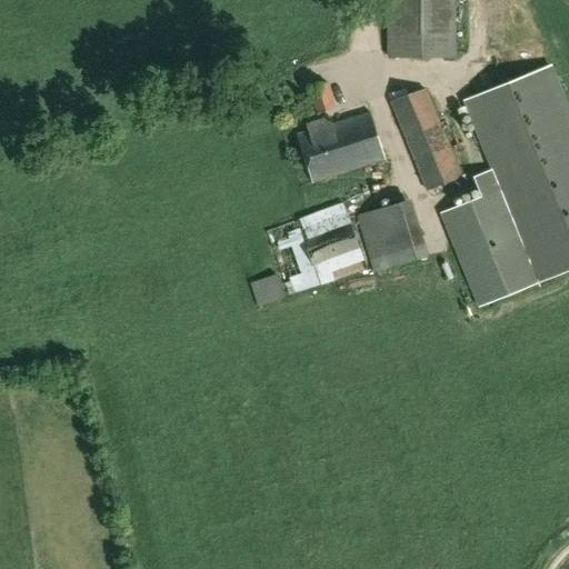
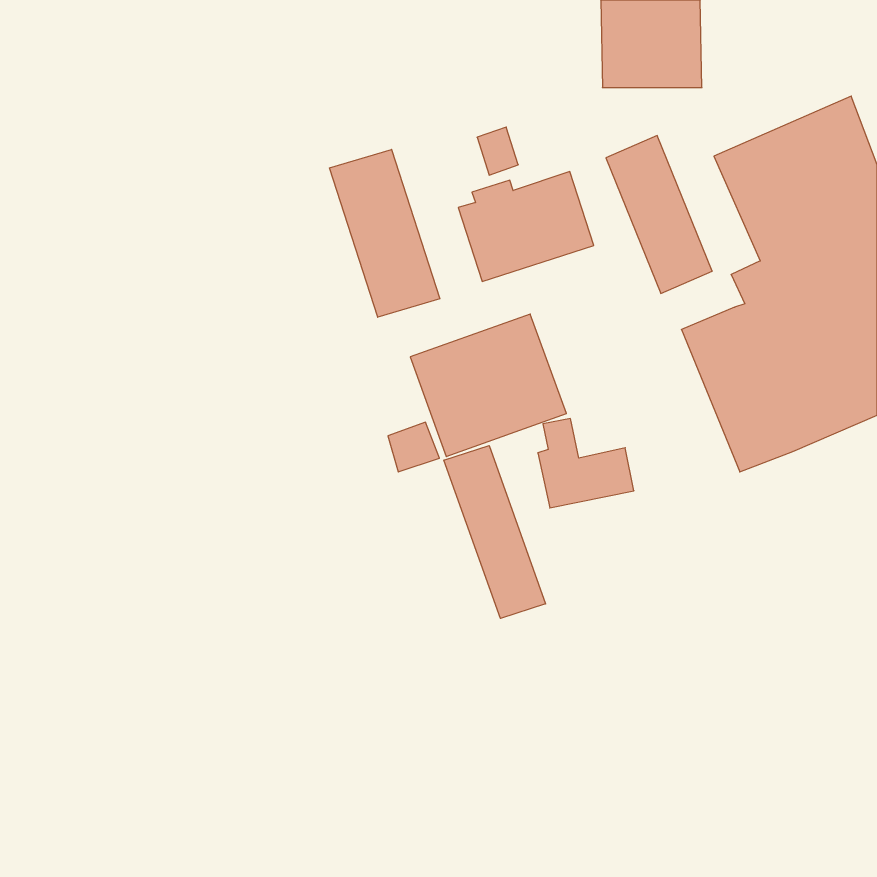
building: none -> [330,149,440,317]
building: [373,210,436,268] -> [538,419,634,508]
building: none -> [444,446,546,618]

